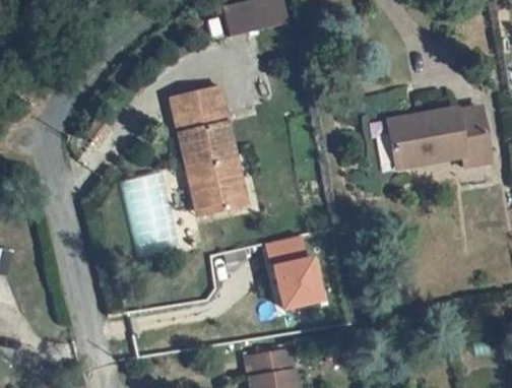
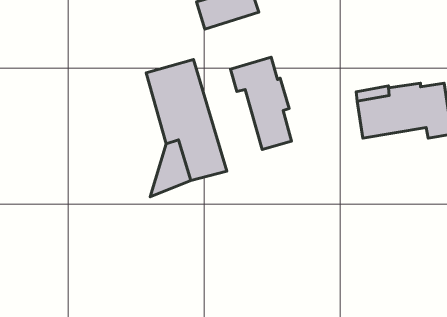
building: none -> [231,57,292,149]
building: [270,234,324,306] -> none

